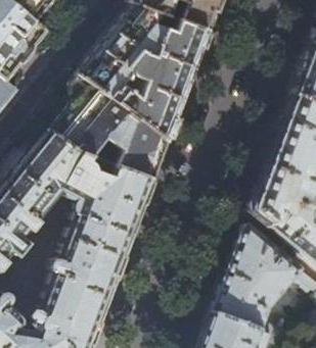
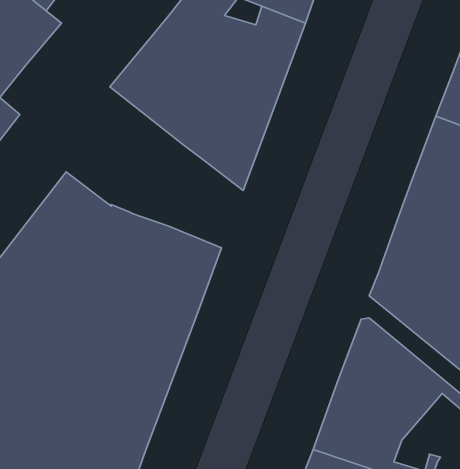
building: [49,76,166,181] -> none

